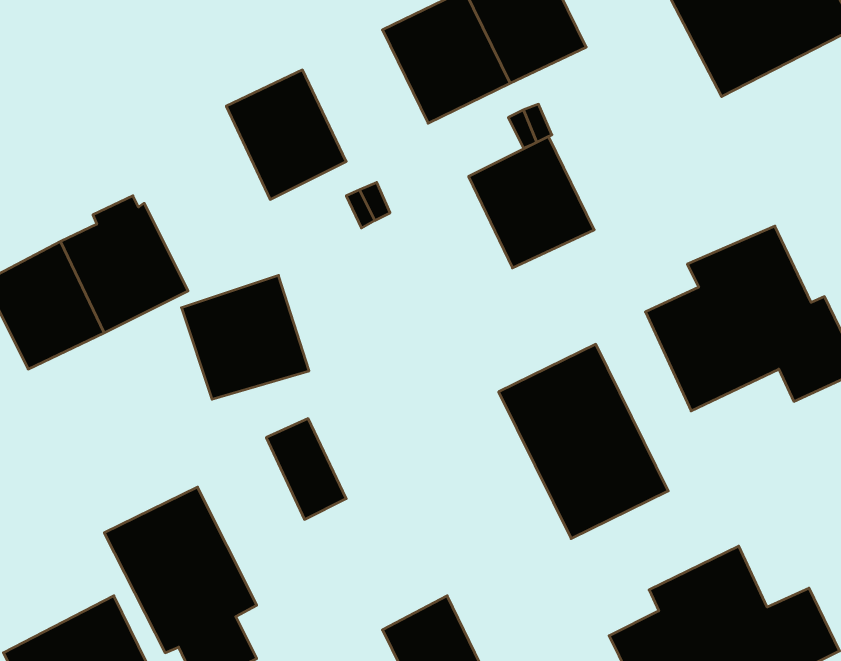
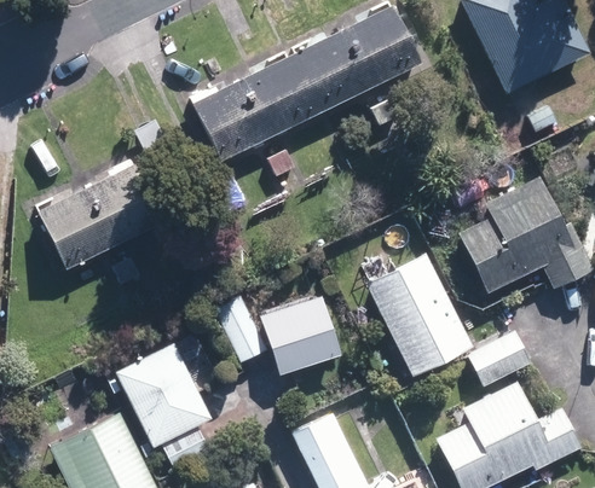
building: [469,136,594,268] -> [241,53,320,136]
building: [181,275,309,399] -> [260,296,341,374]
building: none -> [468,331,532,387]

